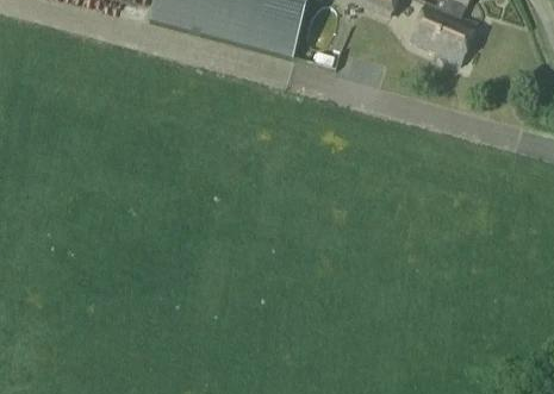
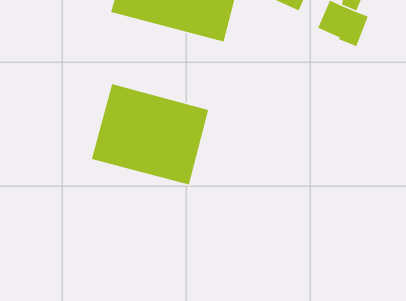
building: none -> [91,83,209,186]

